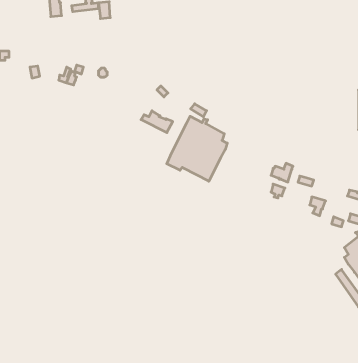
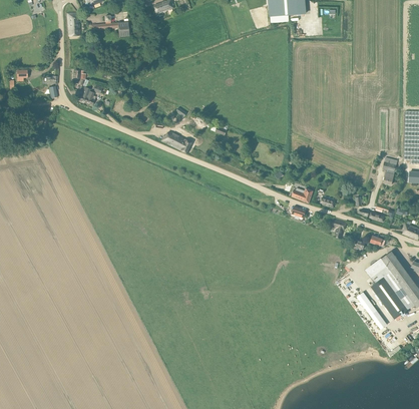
building: [167,116,227,181] -> none

